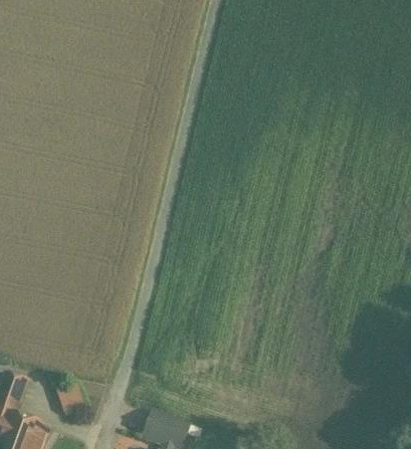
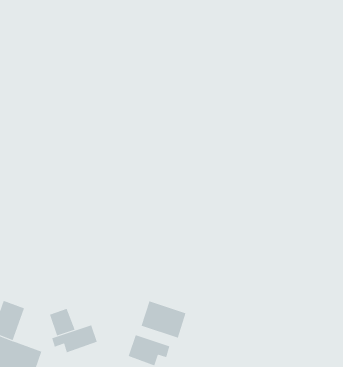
building: none -> [141,301,186,339]
building: none -> [52,325,97,353]

